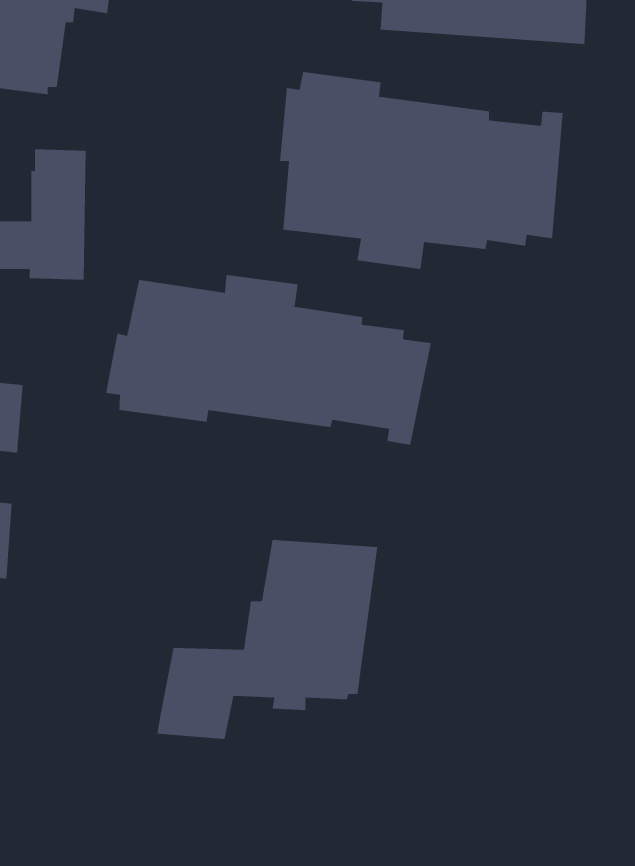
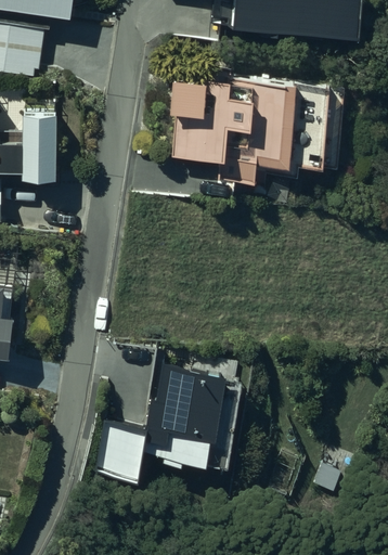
building: [106,274,432,446] -> none

